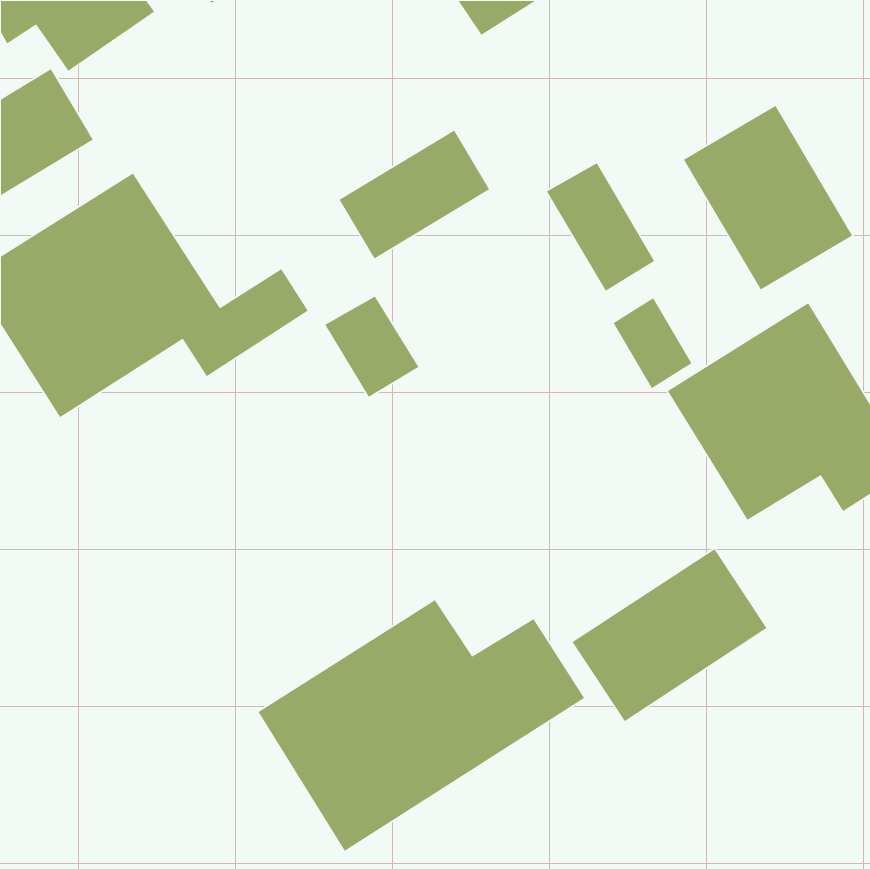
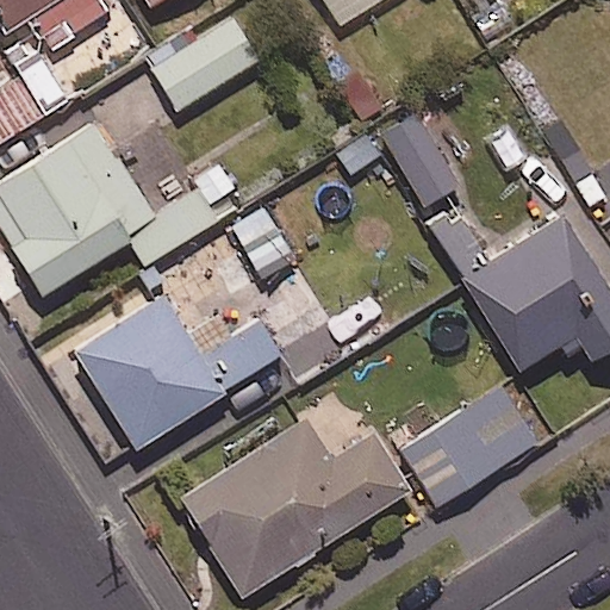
building: [683,105,853,290] -> none
building: [338,130,490,259] -> [151,19,257,110]
building: none -> [58,293,281,455]

